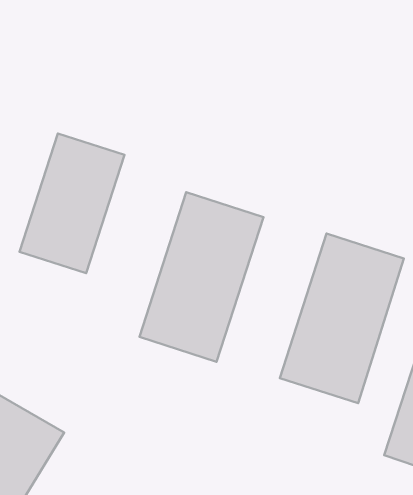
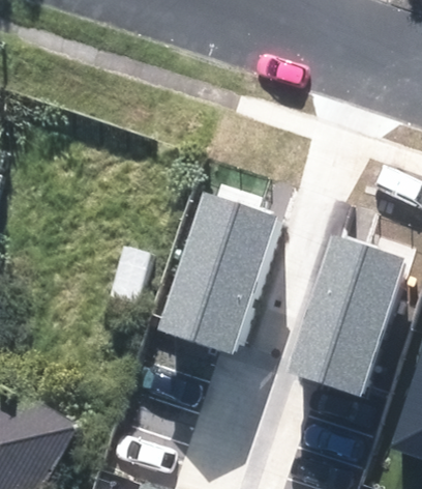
building: [20,133,124,273] -> none

